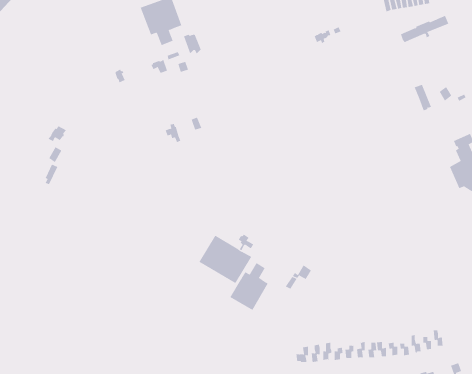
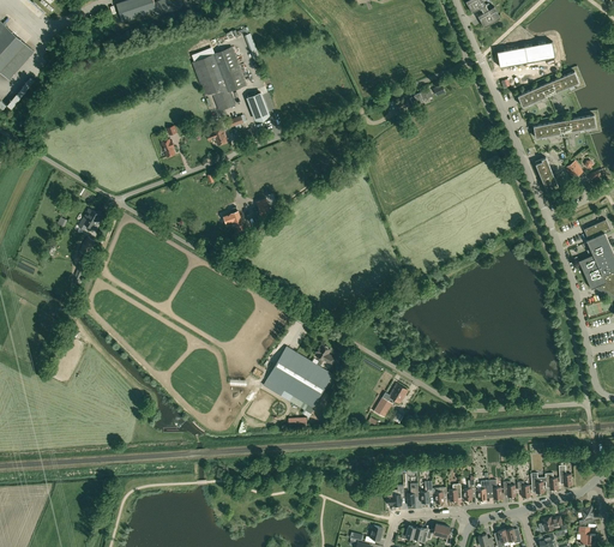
building: none -> [534,115,596,138]
building: [230,262,269,311] -> none

